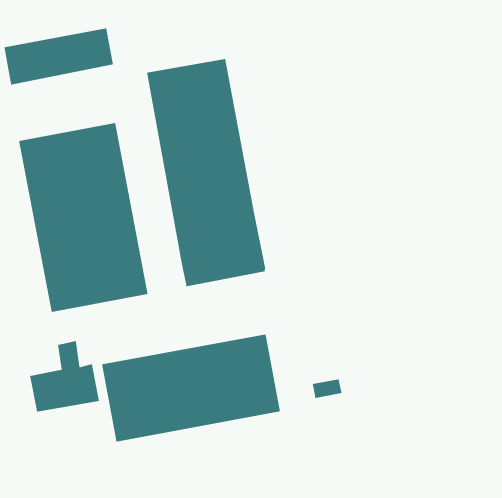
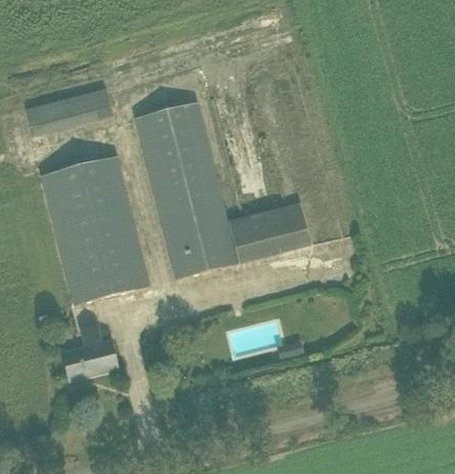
building: none -> [225,200,311,261]
building: [101,333,281,442] -> none

